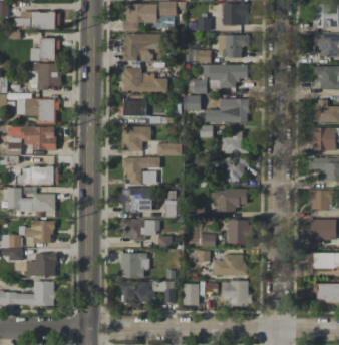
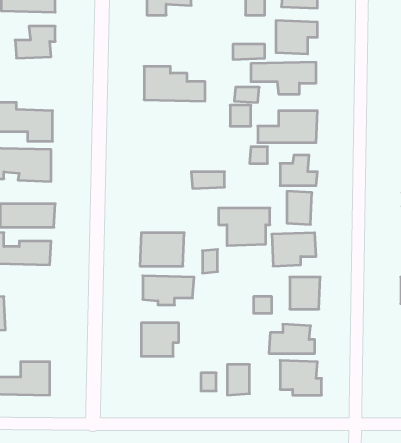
building: [123,33,162,61] -> none
building: [32,63,60,89] -> none
building: [122,100,146,116] -> none
building: [121,126,150,151] -> none
building: [121,157,158,185] -> [219,208,270,246]
building: [23,220,53,243] -> none
building: [25,253,55,276] -> none
building: [121,281,151,303] -> none

